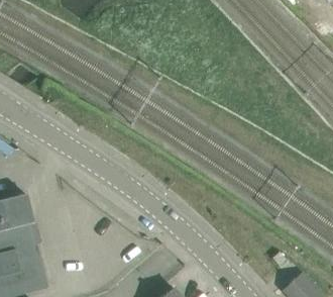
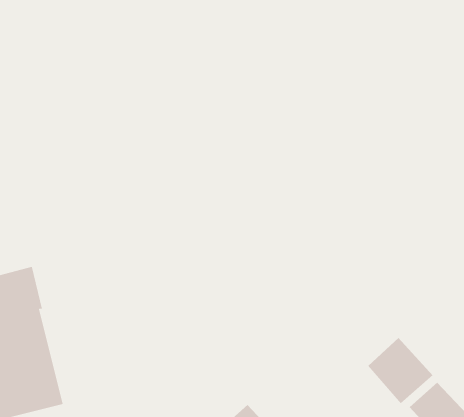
building: none -> [368,337,433,404]

